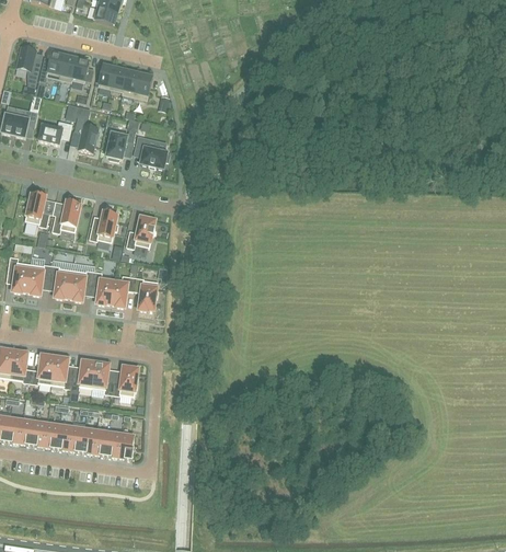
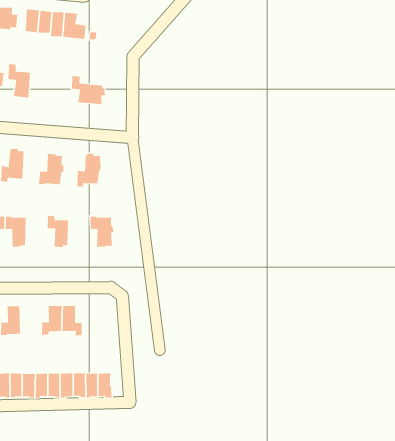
building: [105,127,135,159] -> none
building: [68,268,93,300] -> none
building: [110,274,135,306] -> none
building: [50,355,72,387] -> none
building: [111,364,137,394] -> none

